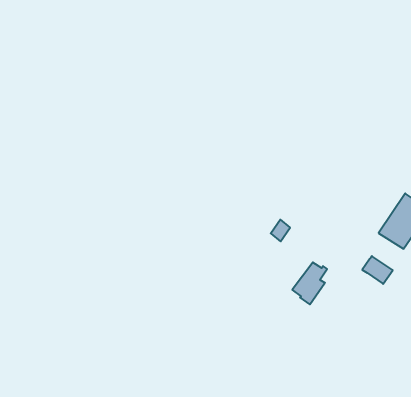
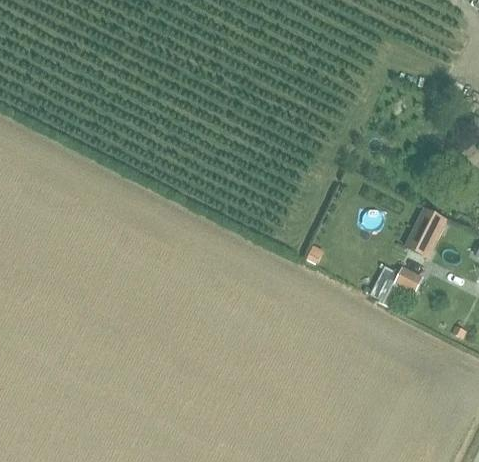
building: [292,262,327,304] -> [370,265,399,304]

